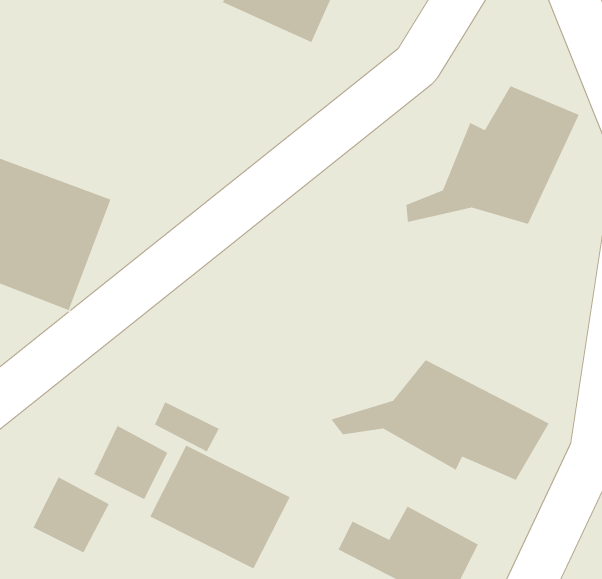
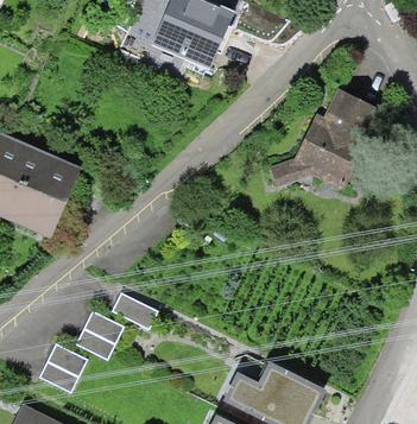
building: [330,359,550,481] -> none
building: [149,445,291,569] -> none

